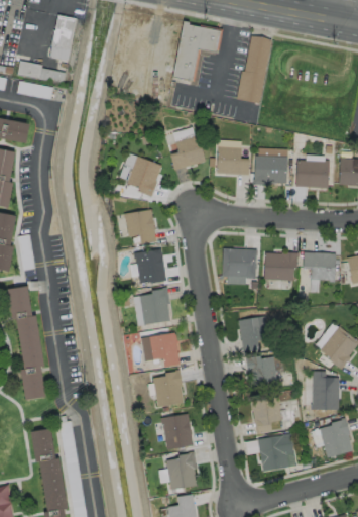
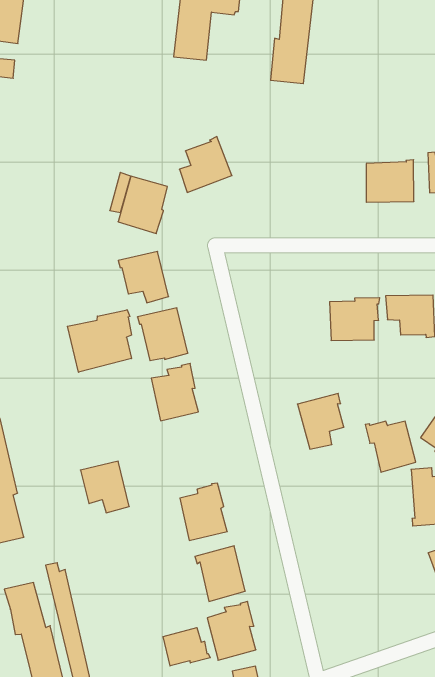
building: [217,141,250,176] -> none
building: [254,149,288,185] -> none
building: none -> [67,310,132,372]
building: [222,249,258,280] -> none
building: [149,333,181,368] -> [80,461,129,513]
building: [246,356,278,391] -> [365,421,416,472]
building: [251,397,281,435] -> none
building: [257,434,296,472] -> none
building: none -> [163,628,210,666]

